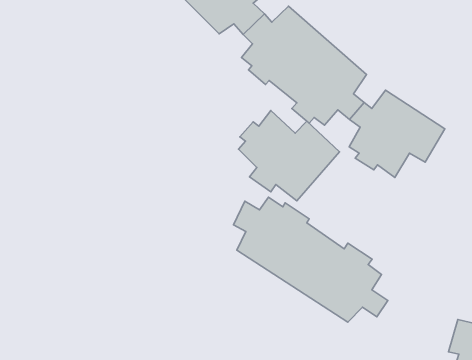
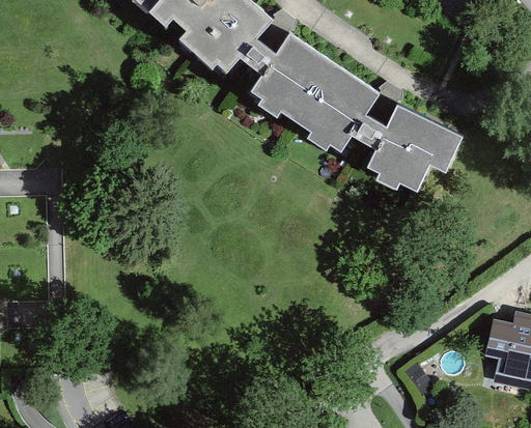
building: [238,111,340,201] -> none
building: [233,197,388,322] -> none

